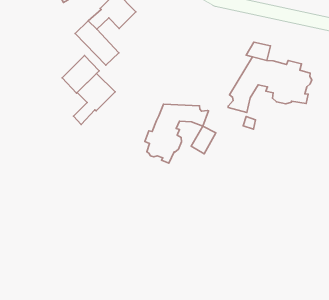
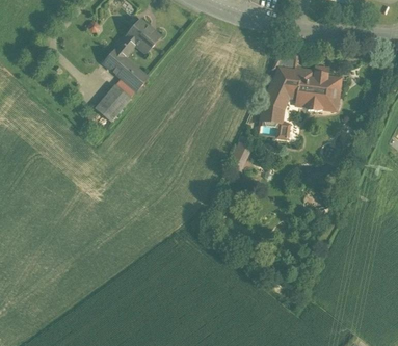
building: [74,73,115,125] -> none
building: [145,104,208,163] -> none

